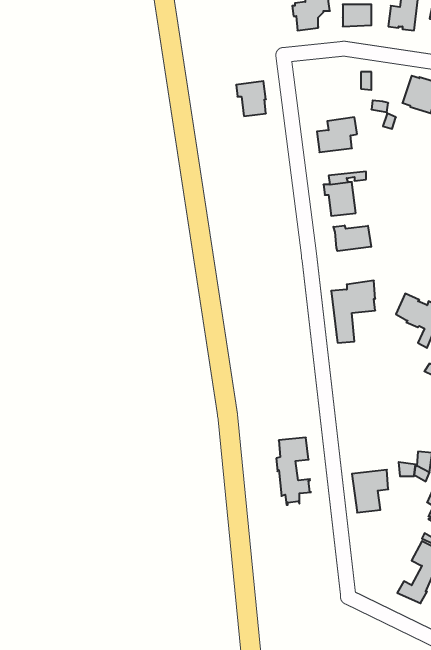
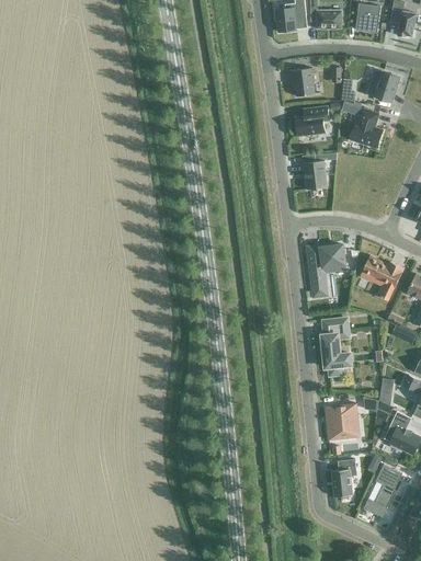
building: [236,81,266,116] -> [289,68,315,98]
building: none -> [351,110,383,148]
building: [333,225,371,251] -> none
building: [276,438,311,505] -> [321,319,351,376]
building: none -> [331,459,356,497]

